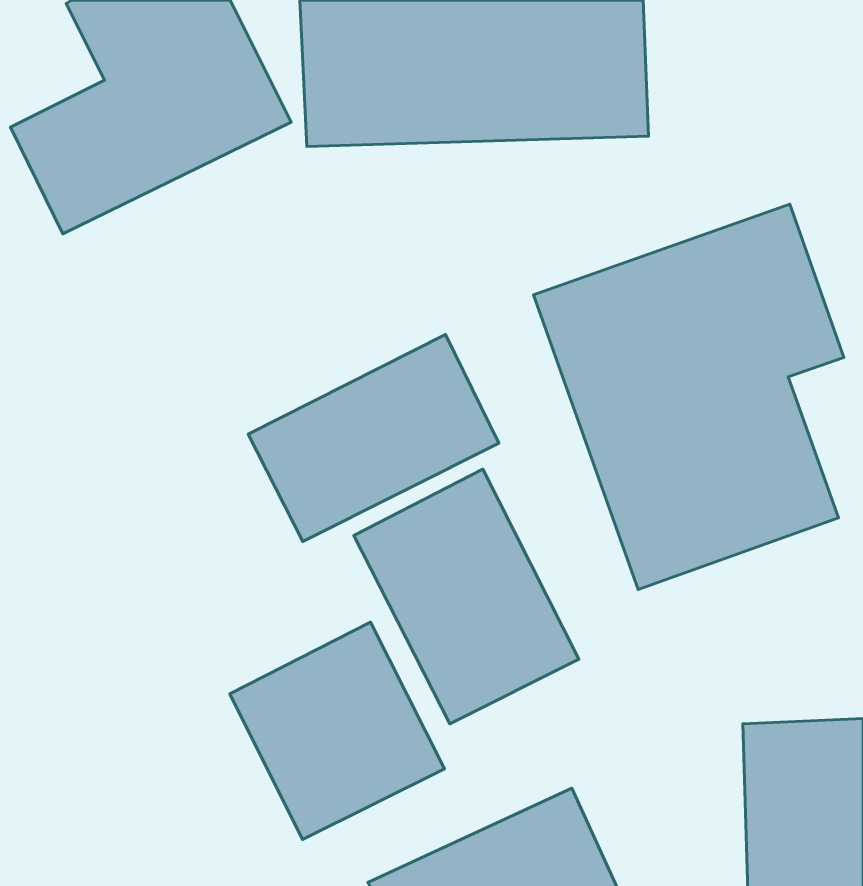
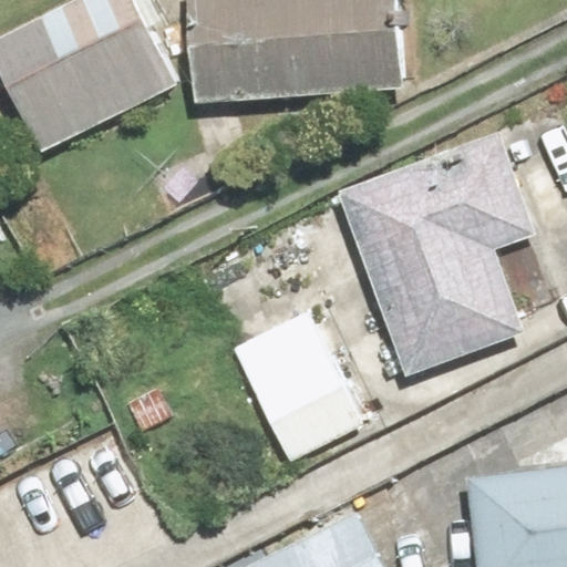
building: [248,334,499,541] -> none
building: [230,622,445,840] -> none

